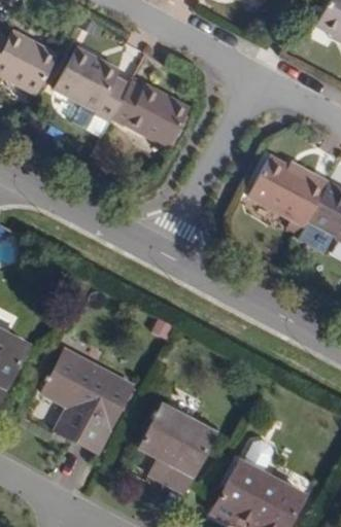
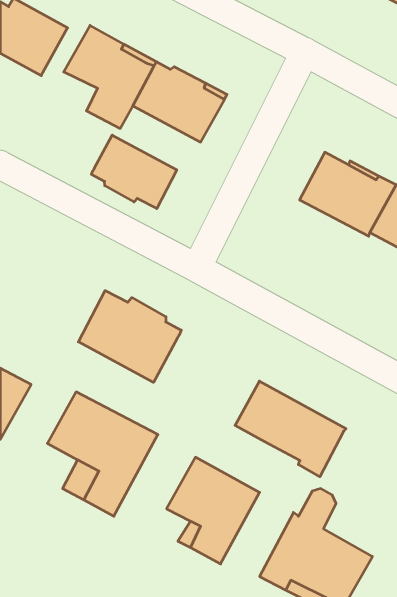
building: none -> [91,135,177,209]
building: none -> [78,291,181,382]
building: none -> [235,381,346,477]

